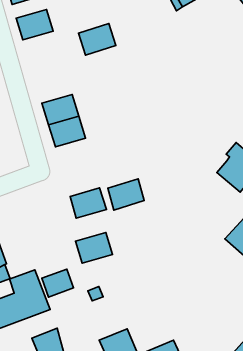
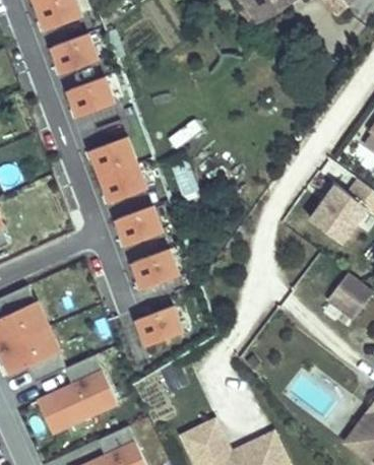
building: [79,24,116,55] -> [67,76,114,117]
building: [108,179,144,210] -> [116,205,162,246]
building: [42,269,74,297] -> none

